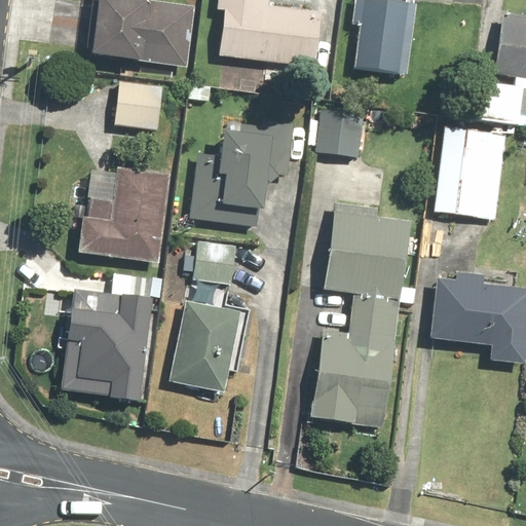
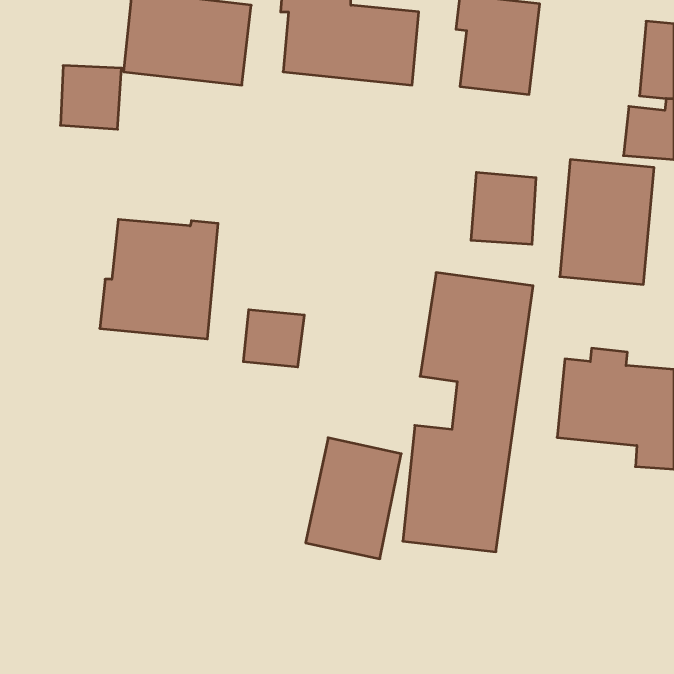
building: [114,79,161,128] -> [60,66,122,129]
building: [311,102,362,157] -> [471,172,536,244]
building: [192,115,294,225] -> none
building: [61,271,161,403] -> none
building: [168,299,242,392] -> [306,438,401,559]

